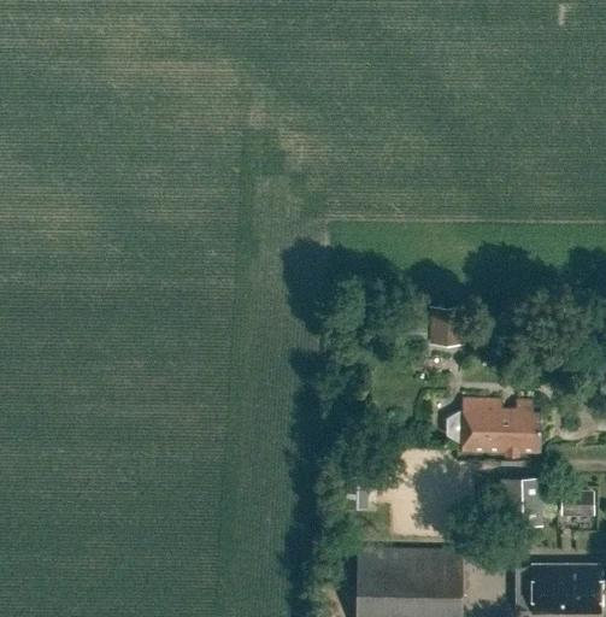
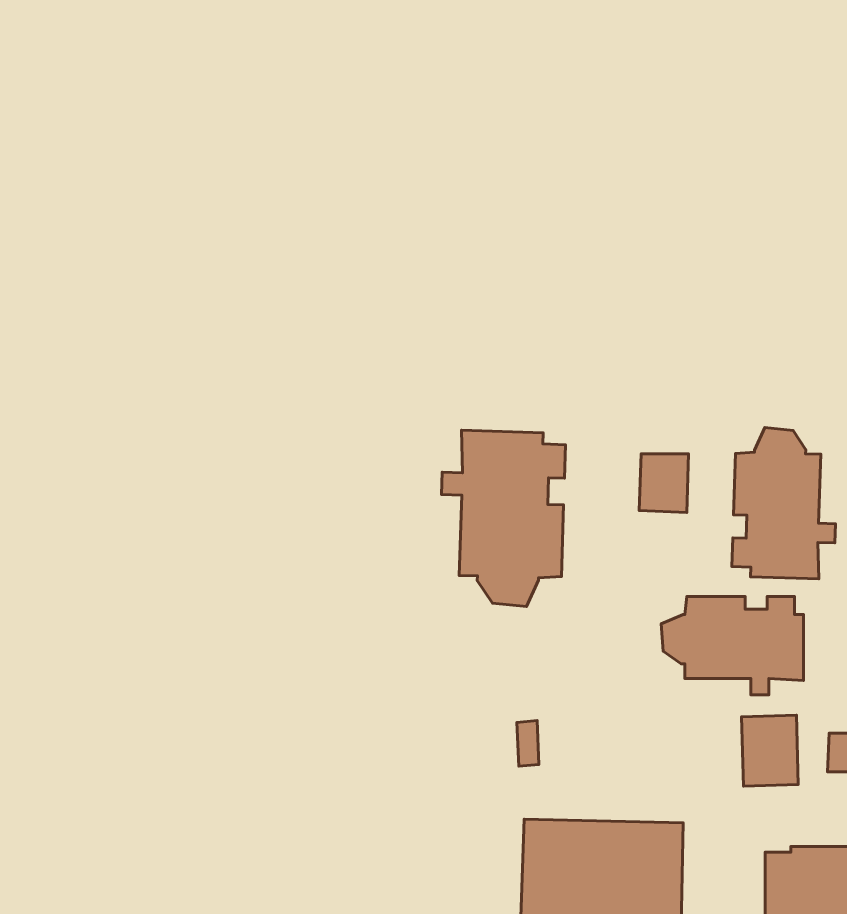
building: none -> [732,428,836,579]
building: none -> [441,430,565,607]

